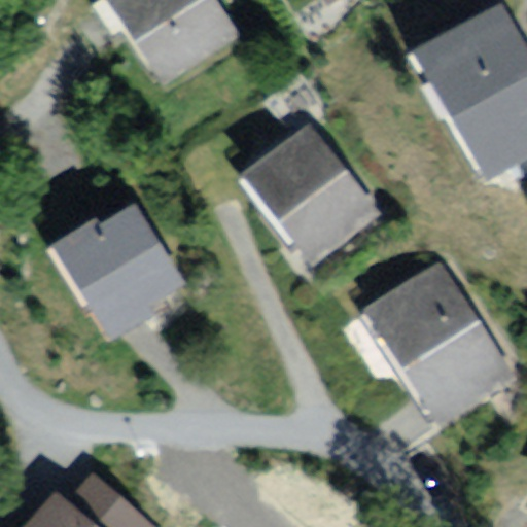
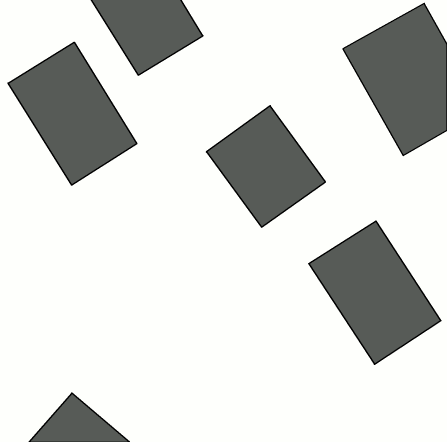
building: none -> [8,42,137,185]
building: [43,195,184,337] -> none

